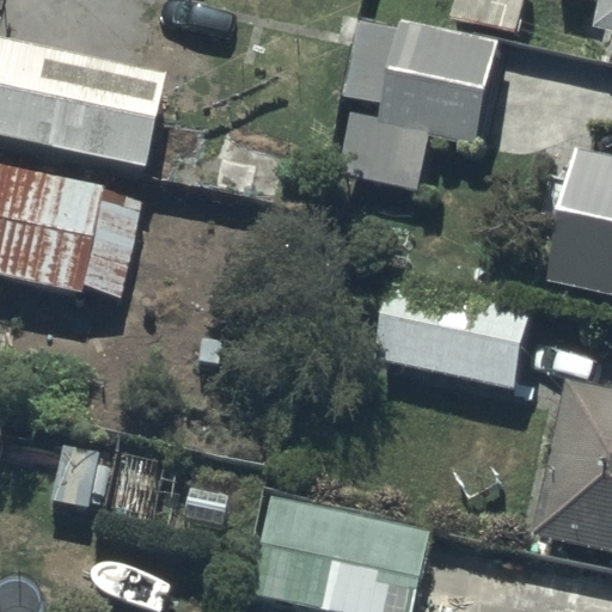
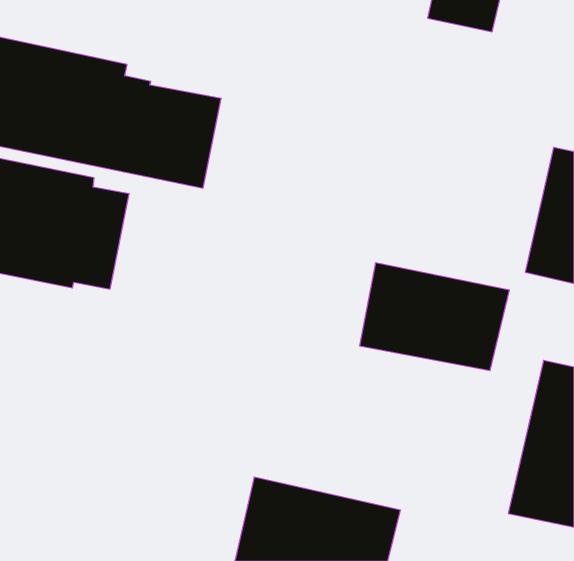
building: [338,10,503,192] -> none

